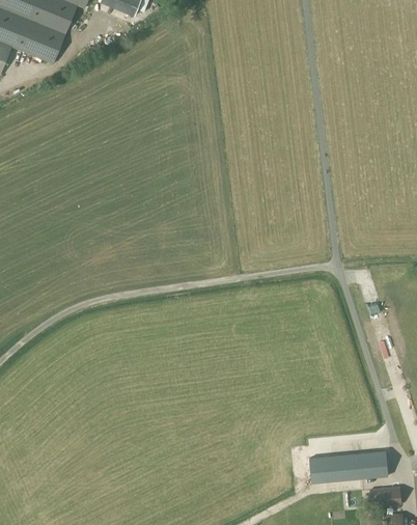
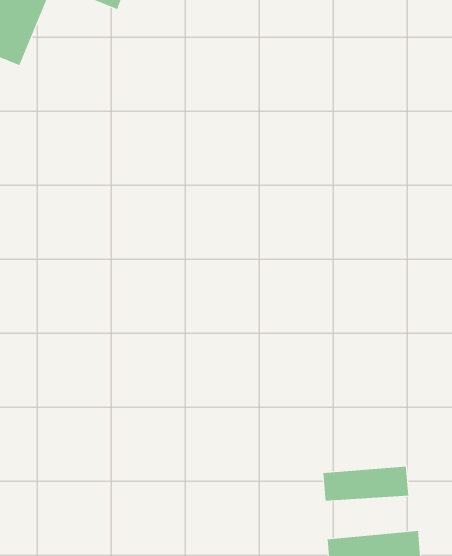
building: none -> [323,466,409,502]

